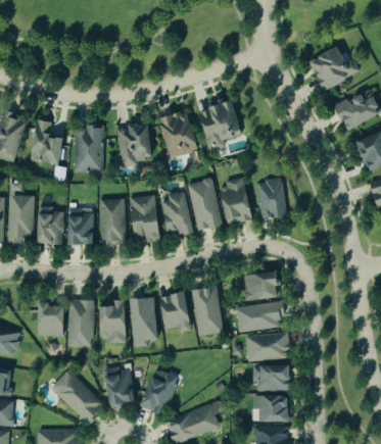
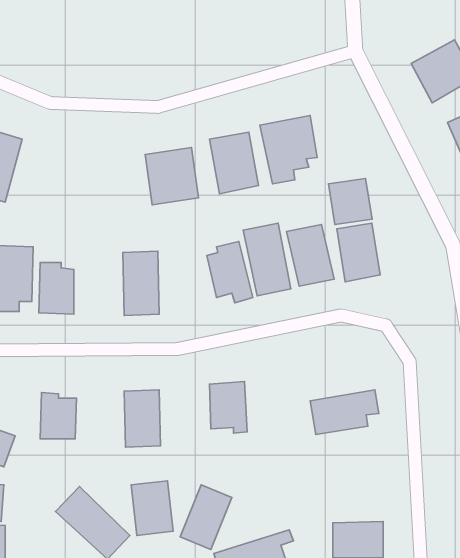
building: [32,120,63,164] -> none
building: [74,125,104,172] -> none
building: none -> [328,178,372,225]
building: [131,196,159,243] -> none
building: [69,207,95,245] -> none
building: [243,273,279,300] -> none
building: [193,288,221,335] -> none
building: [130,298,158,347] -> none
building: [67,299,94,347] -> none
building: [245,333,289,361] -> none
building: [251,366,291,391] -> none

